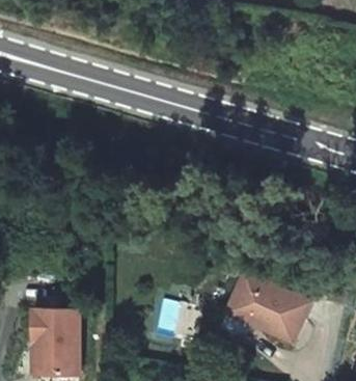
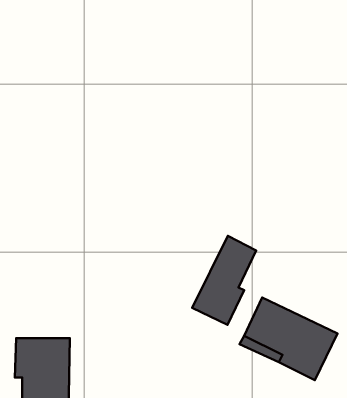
building: none -> [192,236,256,325]

